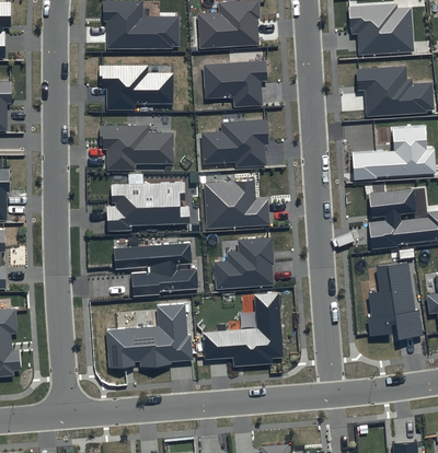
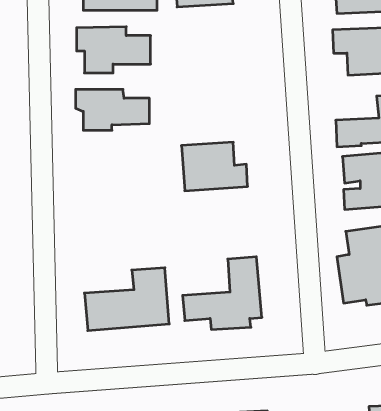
building: [201,61,266,105] -> none
building: [200,116,270,164] -> none
building: [106,182,186,234] -> none
building: [217,236,276,284] -> none
building: [117,246,201,300] -> none

